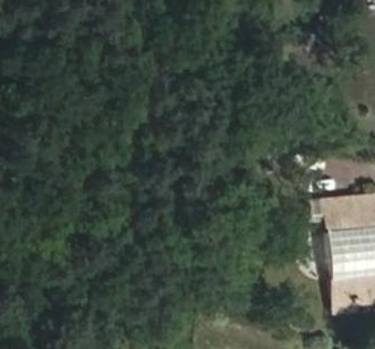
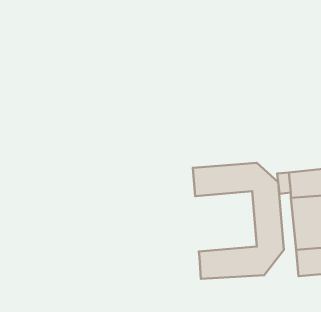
building: none -> [193,163,284,279]

